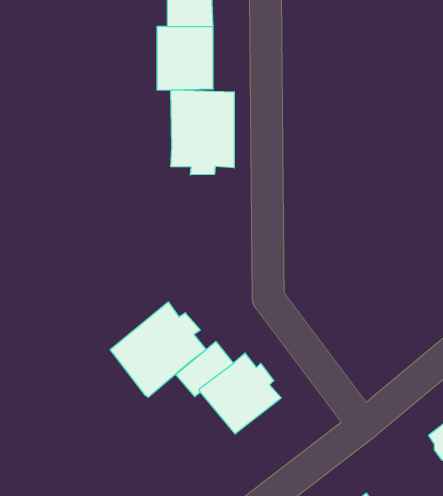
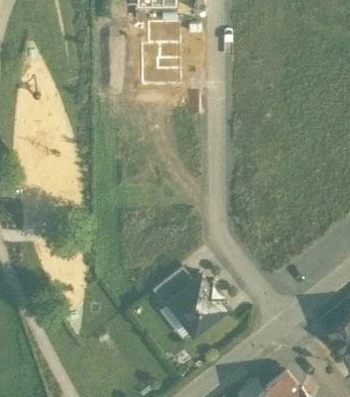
building: [171,90,234,175] -> none
building: [110,302,206,397] -> none

